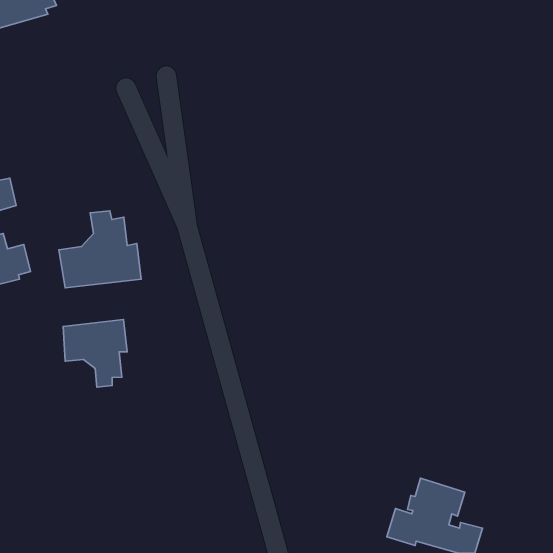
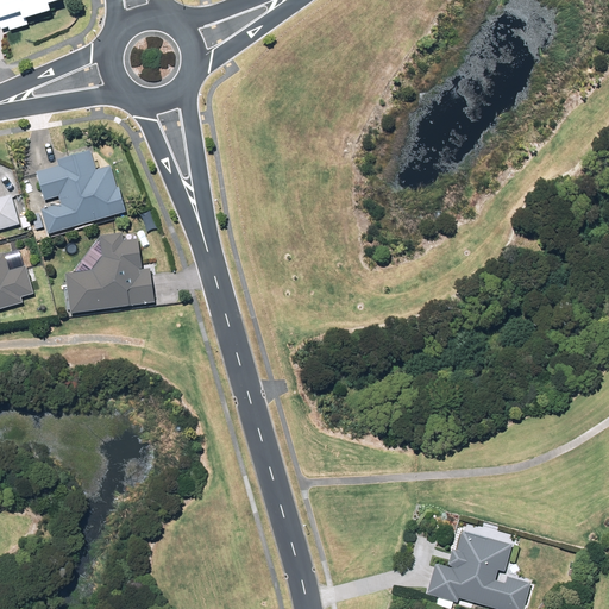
building: none -> [34,150,127,232]
building: [63,320,127,387] -> none

